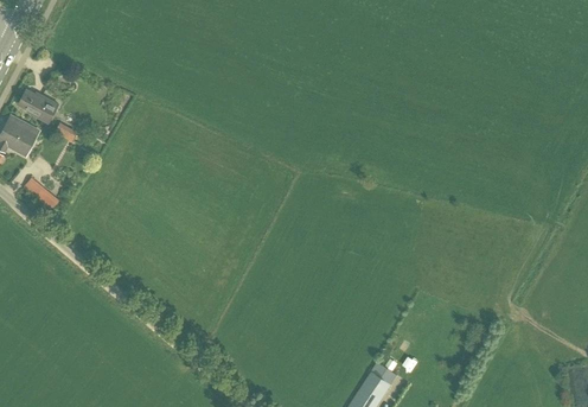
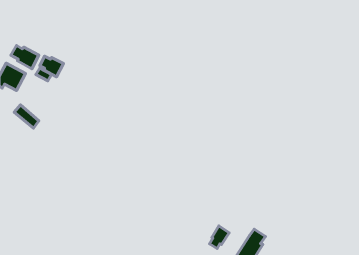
building: none -> [40,56,63,77]
building: none -> [209,226,229,248]

